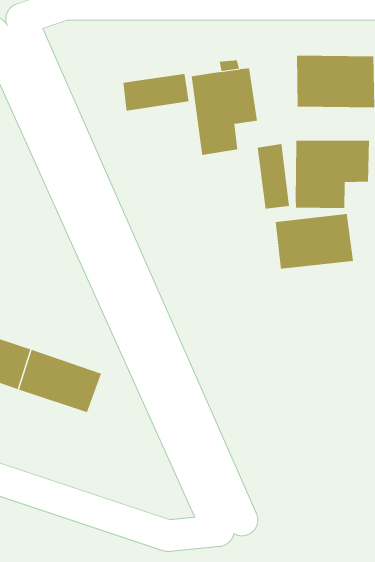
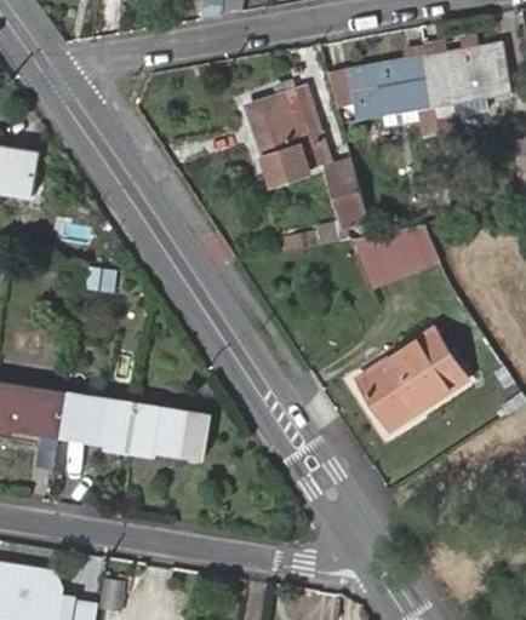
building: [123,73,189,111] -> none
building: [295,140,369,209] -> none
building: none -> [345,338,461,435]

